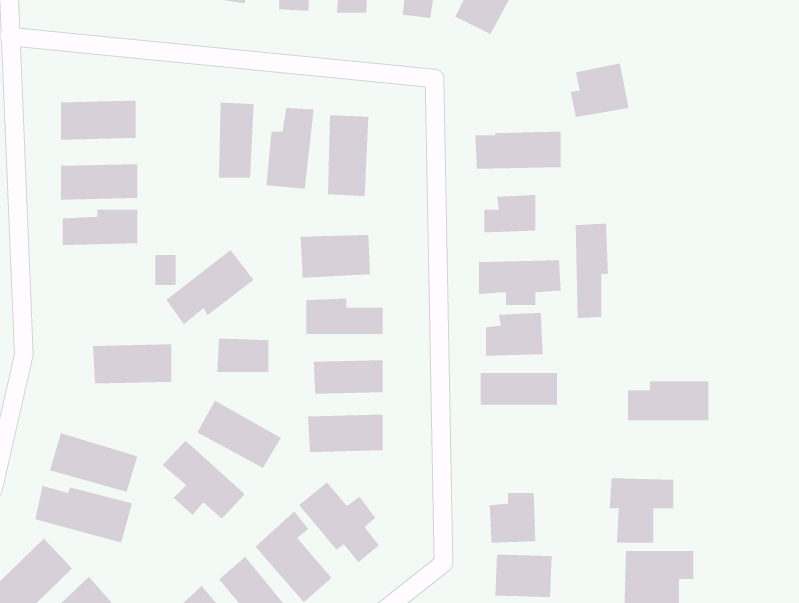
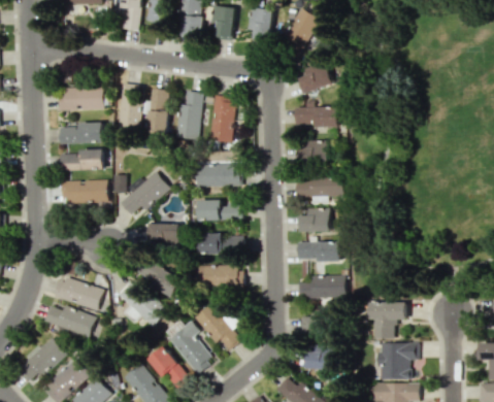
building: [570,63,630,117] -> [300,61,334,92]
building: none -> [118,87,140,132]
building: [575,223,608,319] -> none
building: [92,344,172,384] -> [61,180,106,203]
building: [627,381,709,421] -> [299,276,345,299]

